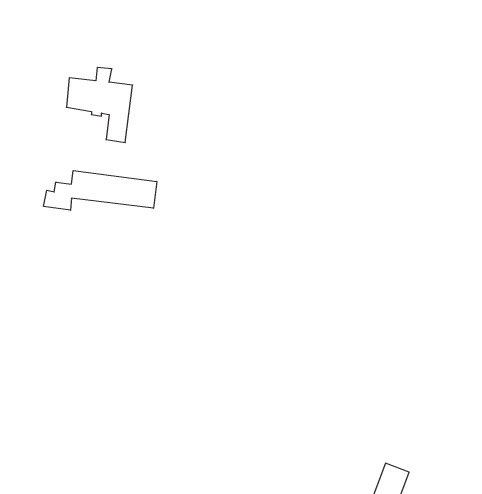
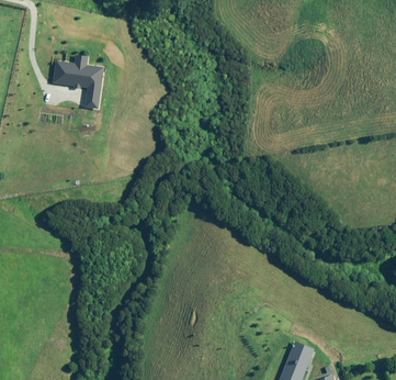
building: [44,171,157,210] -> none

